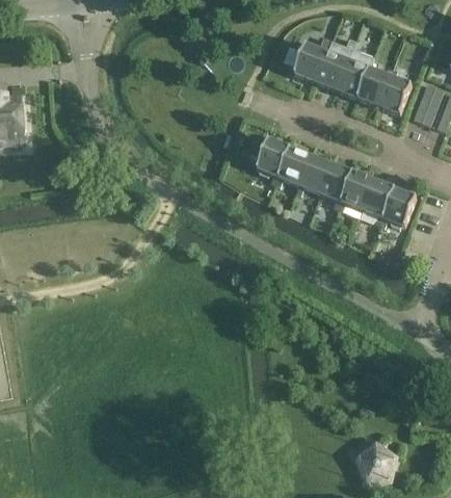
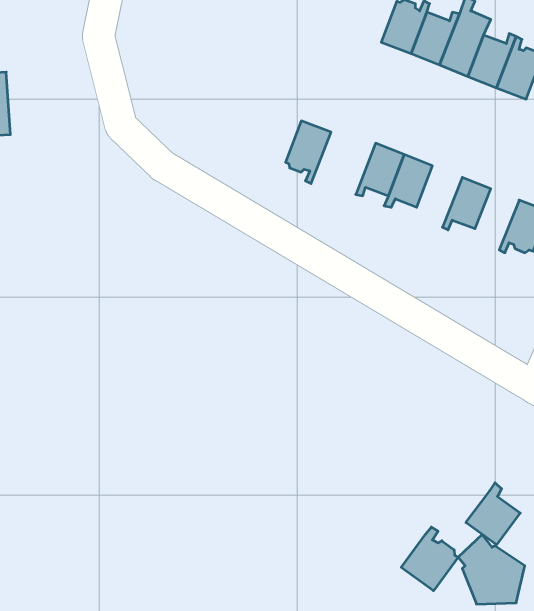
building: [257,138,290,184] -> [286,121,331,184]
building: [320,163,353,208] -> none
building: [363,180,395,225] -> none
building: none -> [466,483,520,545]
building: none -> [401,527,458,591]

